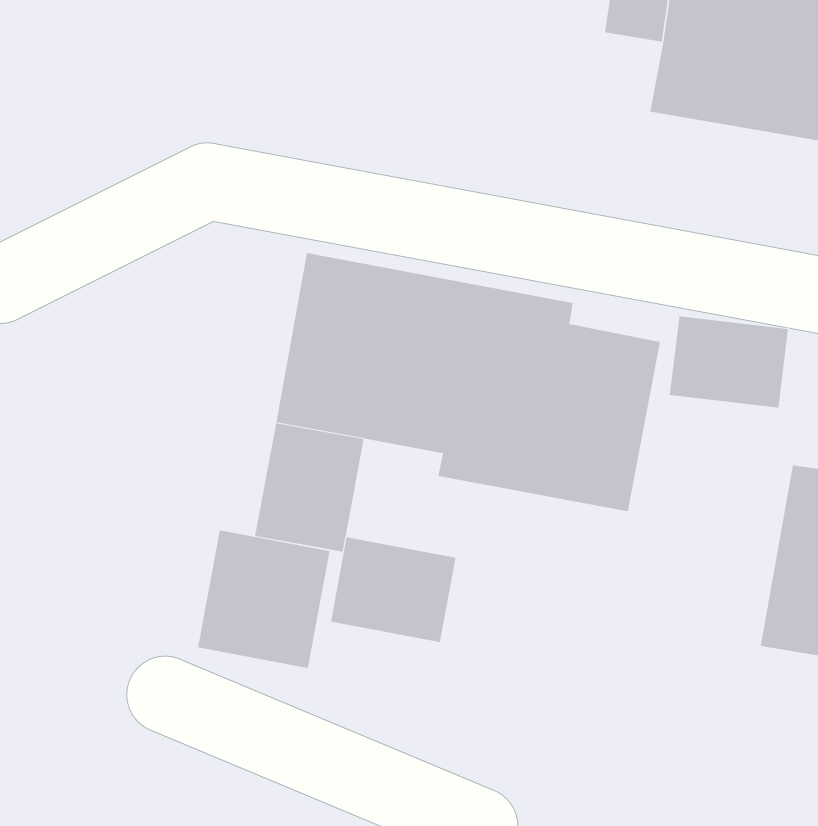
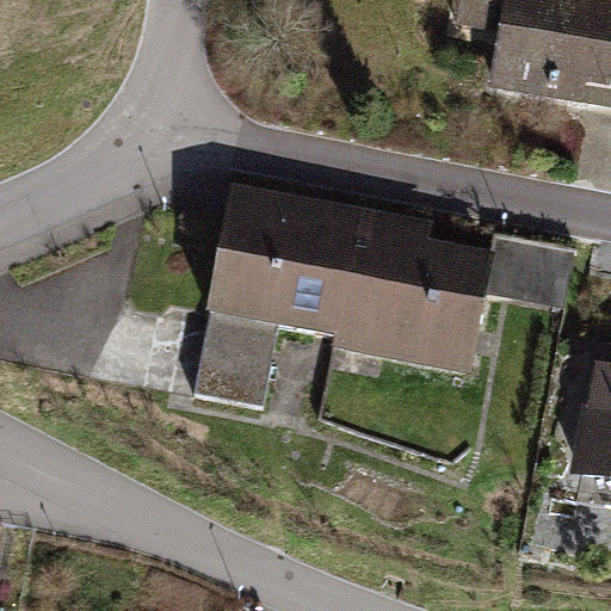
building: [198,530,330,669] -> none
building: [330,537,456,643] -> none

